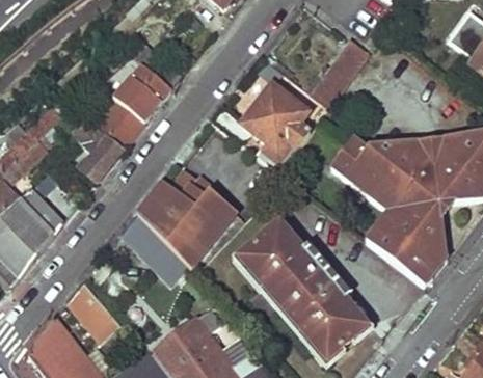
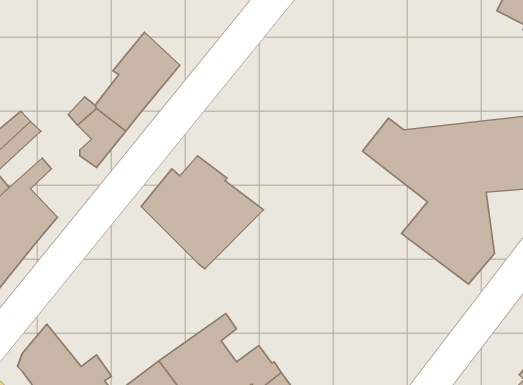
building: [313,39,369,105] -> none
building: [212,86,310,172] -> none
building: [122,214,187,284] -> none
building: [239,221,366,357] -> none
building: [66,281,119,340] -> none

